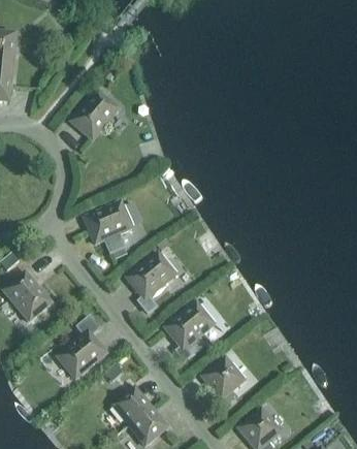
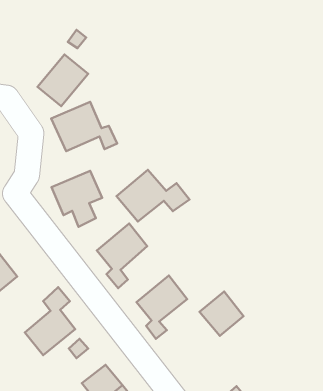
building: none -> [51,102,117,151]
building: none -> [117,170,189,222]
building: [201,357,244,399] -> [200,292,244,336]

